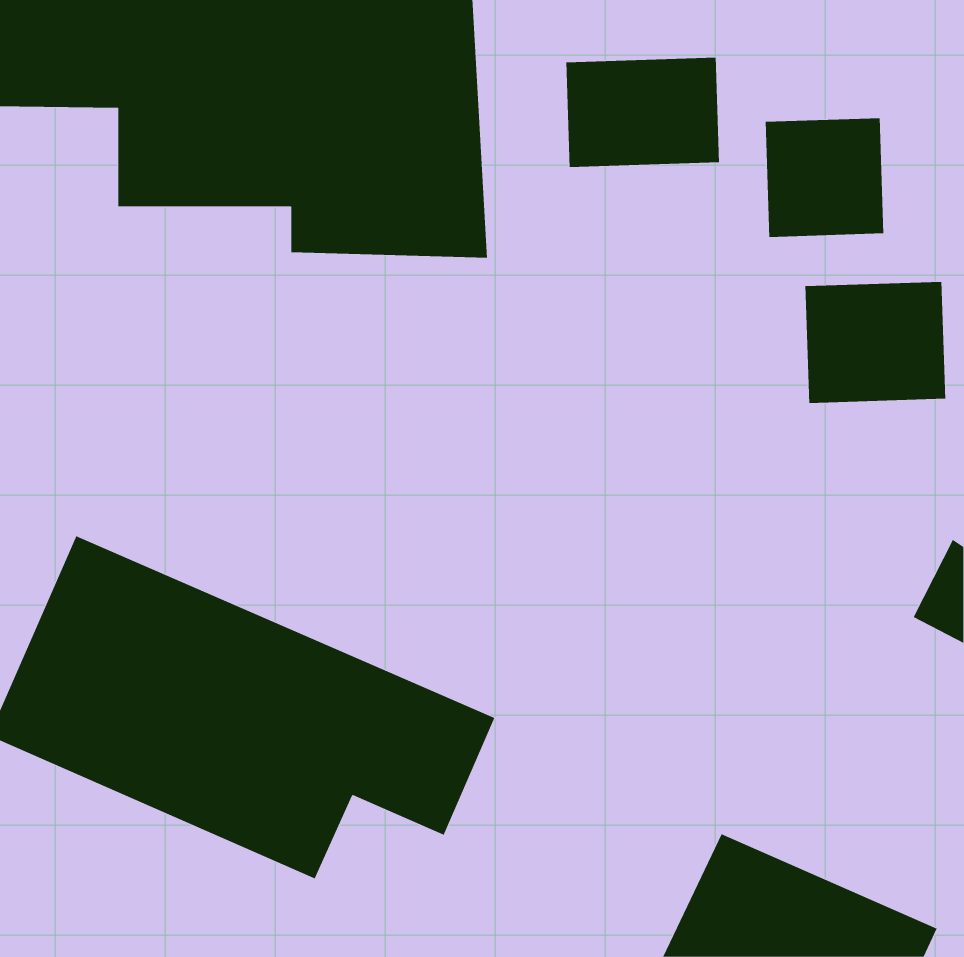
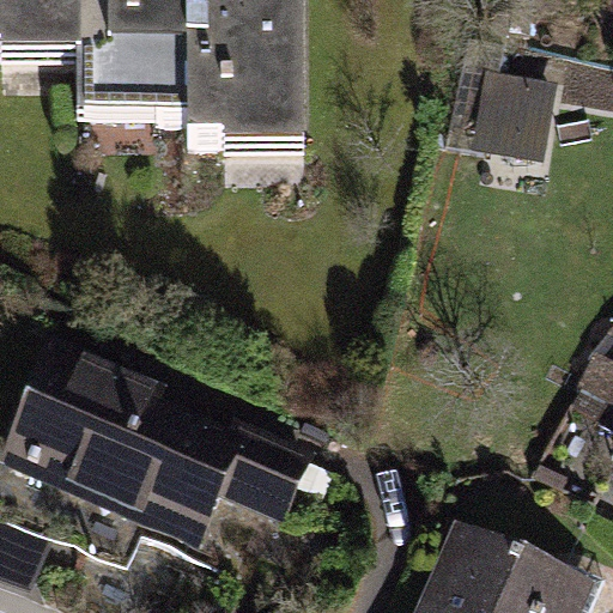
building: [566,57,720,168] -> none
building: [805,281,946,404] -> none

